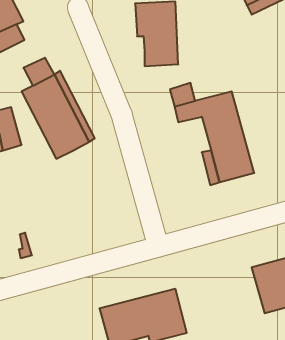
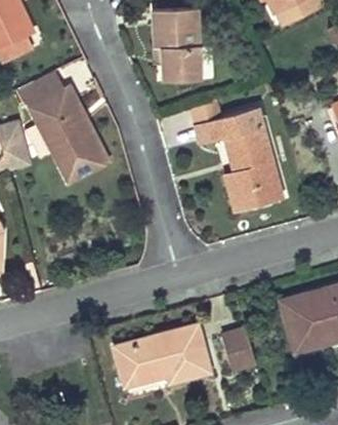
building: none -> [221,330,255,371]

